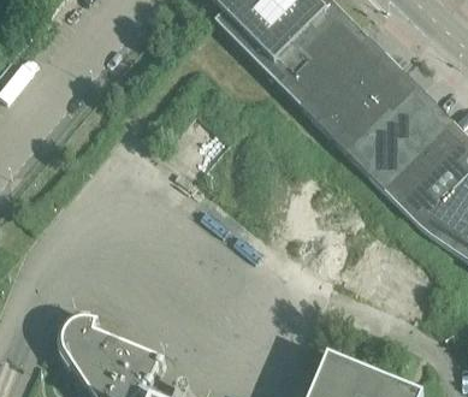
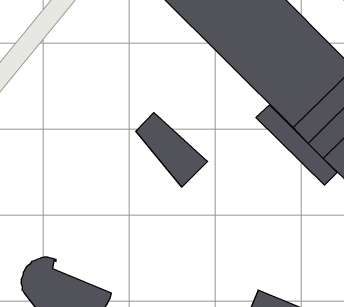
building: none -> [256,105,337,185]
building: none -> [136,113,208,187]

